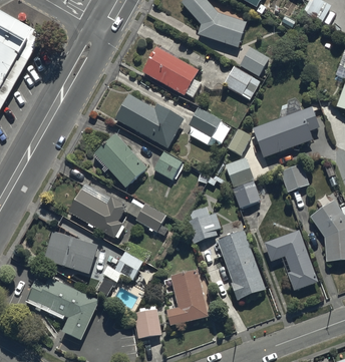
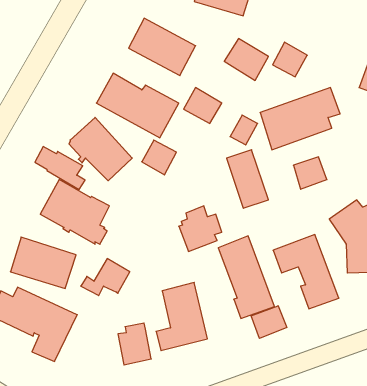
building: [240,46,269,75] -> [273,42,307,77]
building: [126,199,168,235] -> [35,147,85,190]
building: none -> [251,306,287,338]

